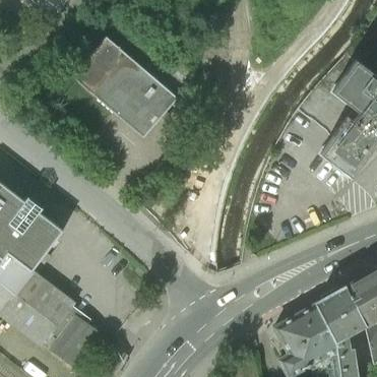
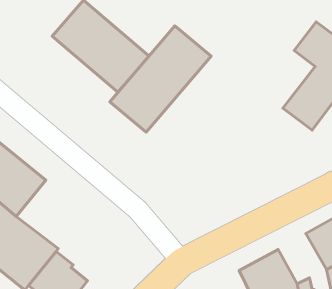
building: none -> [110,26,211,132]
building: [314,288,366,341] -> none

